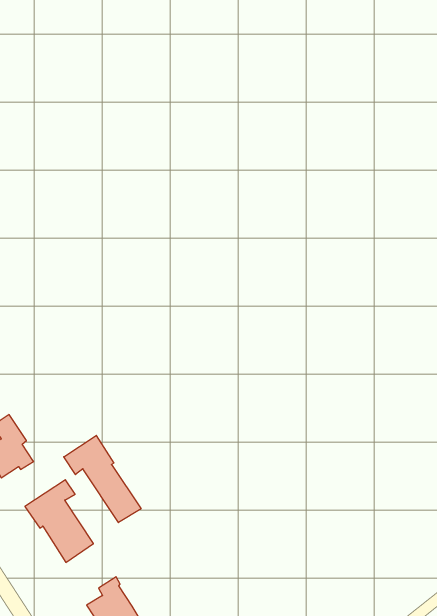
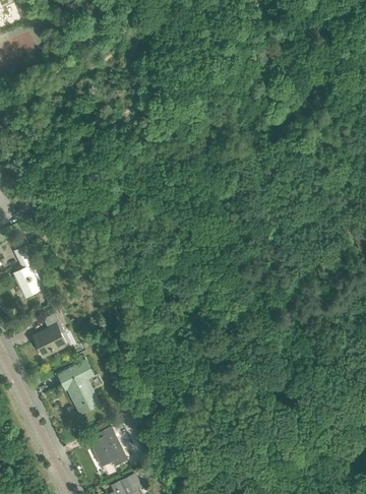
building: [64,435,141,523] -> none

